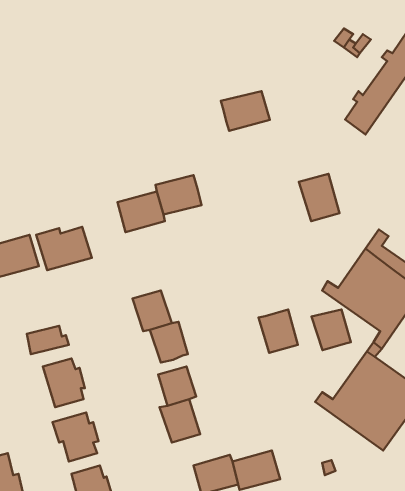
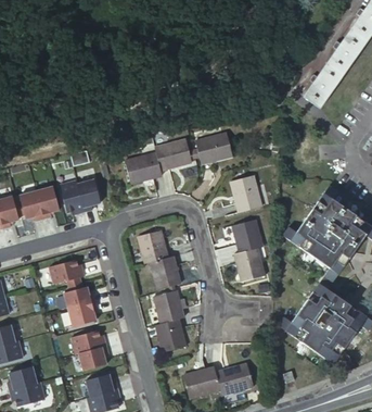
building: [221,91,270,131] -> [191,135,230,166]
building: [299,174,339,221] -> [228,175,260,213]
building: [312,310,351,350] -> [231,222,262,254]

